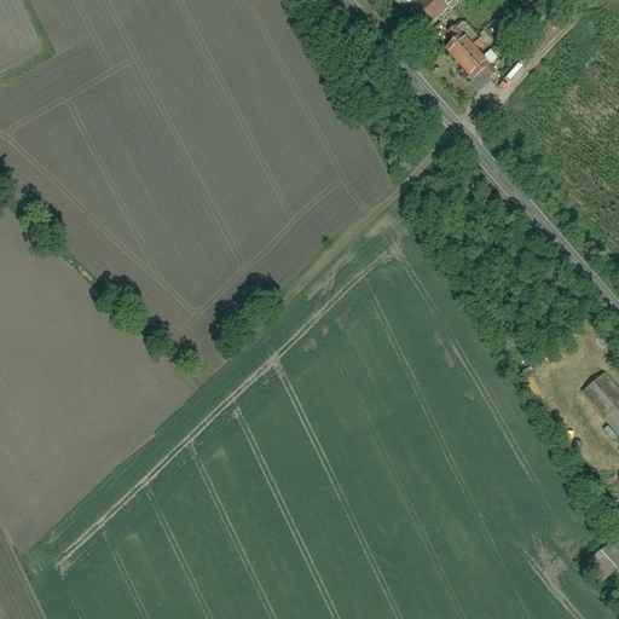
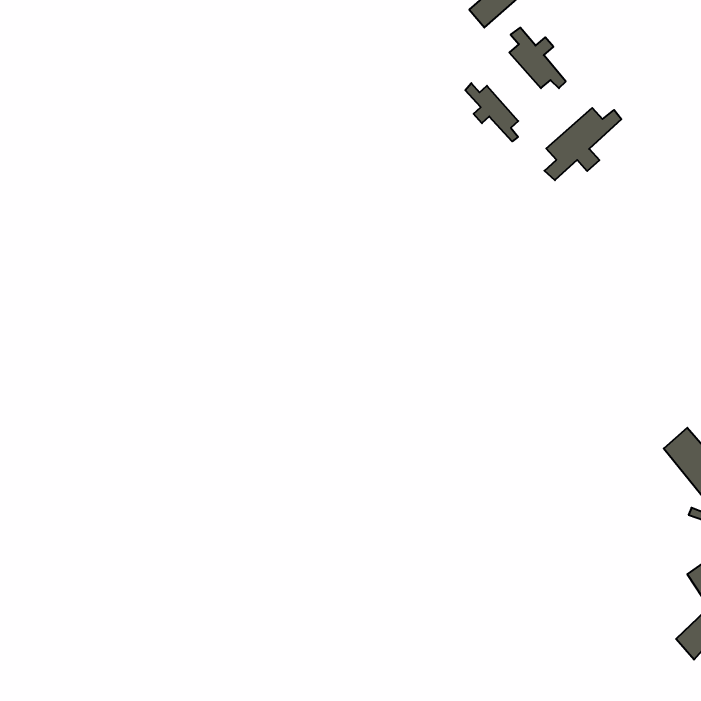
building: none -> [465,83,518,141]
building: none -> [544,108,621,180]

